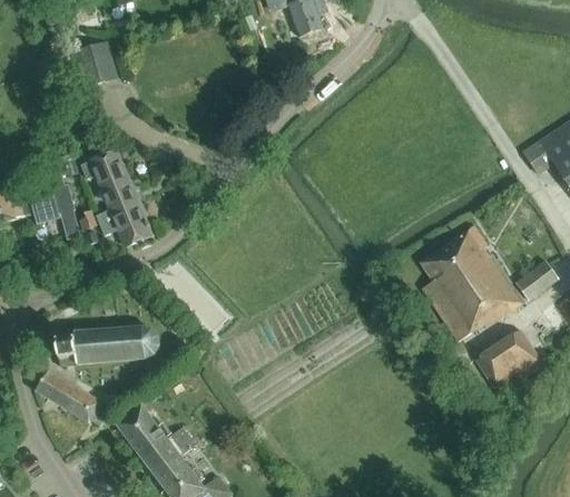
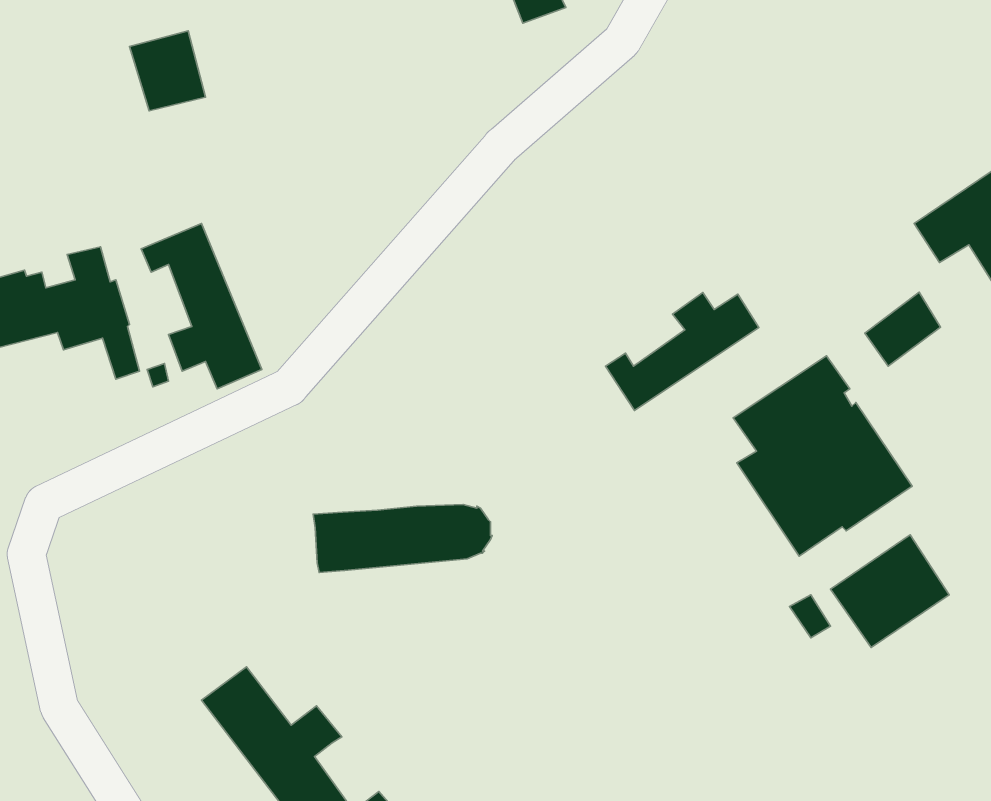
building: none -> [605,293,759,410]
building: [515,259,559,301] -> [865,292,941,366]
building: [57,327,159,366] -> [313,504,492,572]
building: [35,370,109,425] -> none

